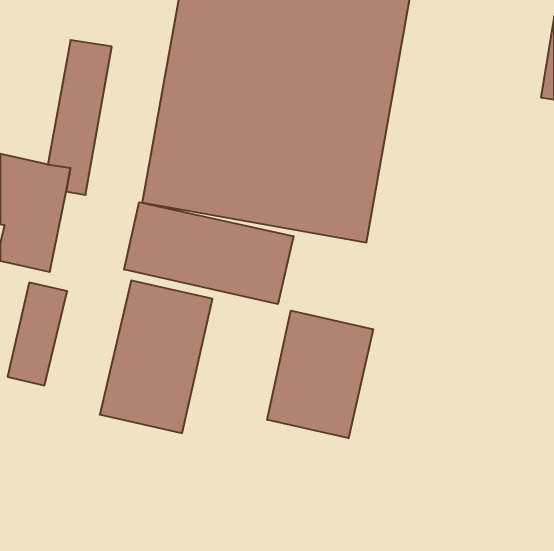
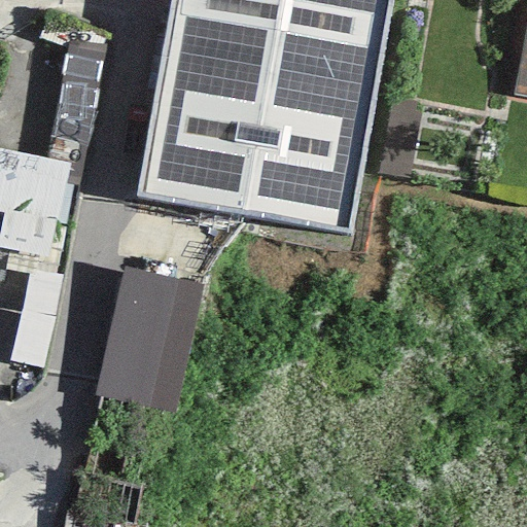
building: [124,202,293,304] -> none
building: [267,311,373,438] -> none

